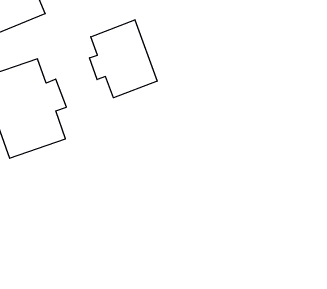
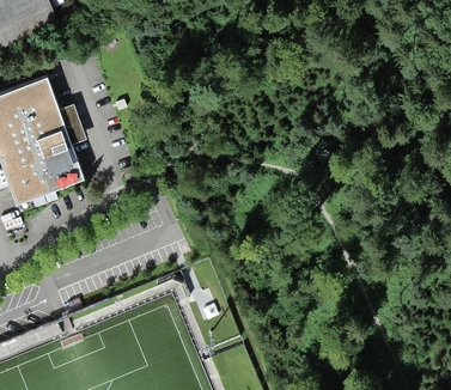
building: [90,20,157,98] -> none

